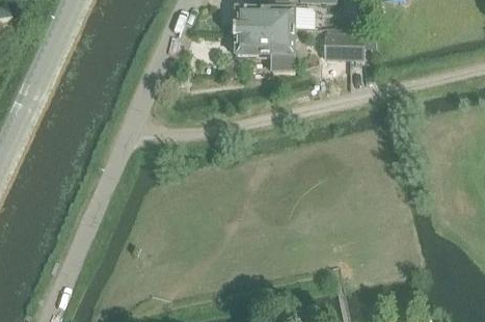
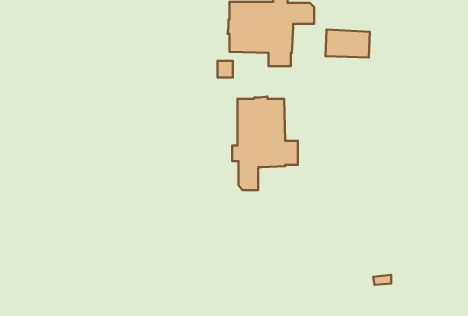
building: none -> [232,96,298,190]

